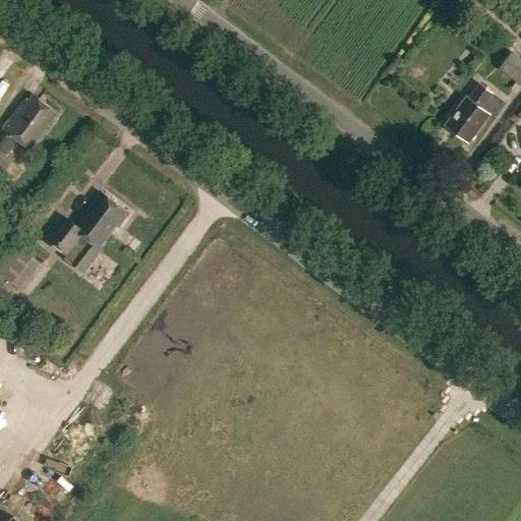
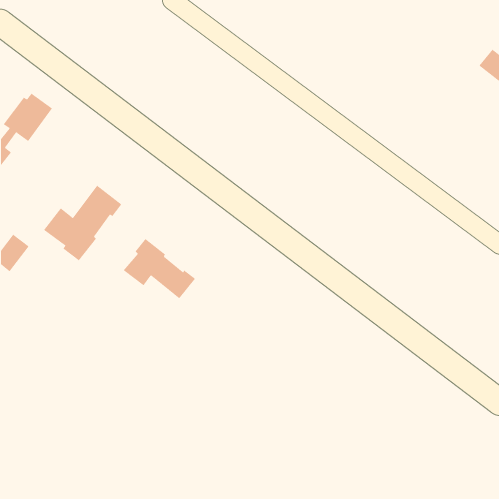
building: [447,82,506,142] -> none
building: none -> [123,238,196,299]

